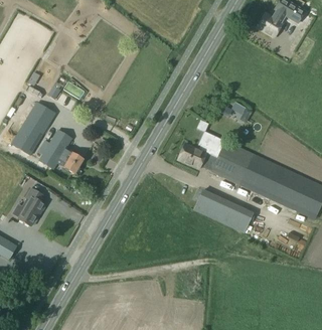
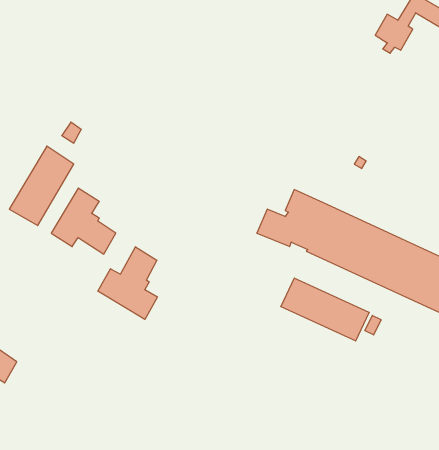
building: none -> [98,247,157,319]
building: [20,188,44,222] -> none

